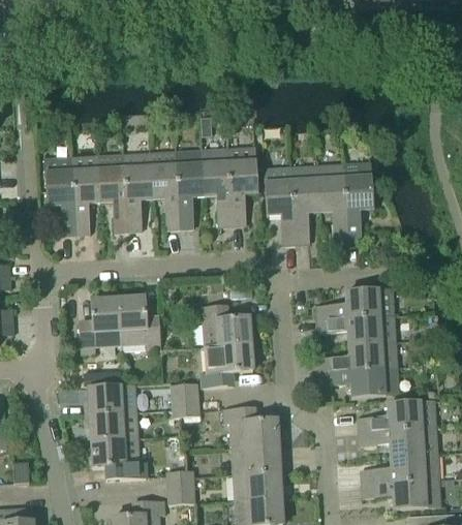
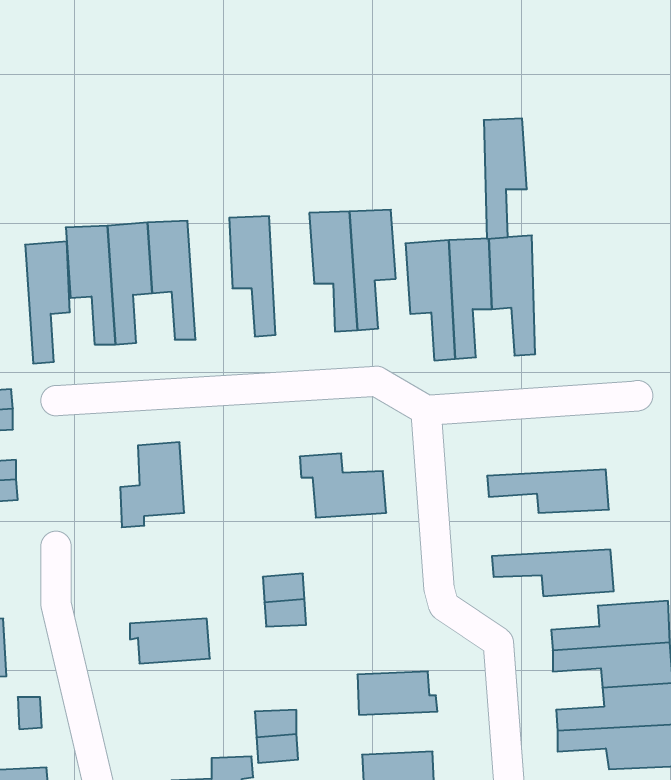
building: [176,150,205,228] -> none
building: [123,153,152,231] -> [25,242,70,363]
building: [345,163,373,241] -> [484,118,527,239]
building: [315,288,393,319] -> none
building: [118,297,161,348] -> none
building: [318,341,396,371] -> none
building: [201,343,253,387] -> none
building: [85,384,135,414] -> none
building: [223,406,278,447] -> none
building: [92,437,146,478] -> none
building: [234,471,285,499] -> none

